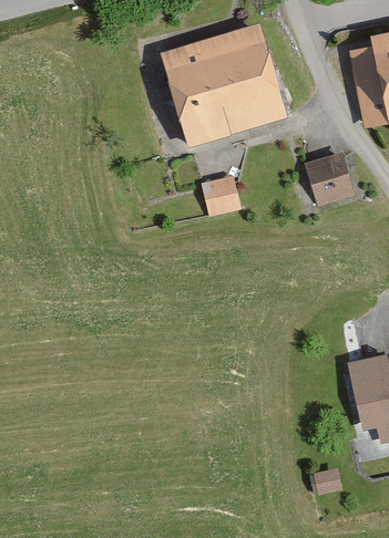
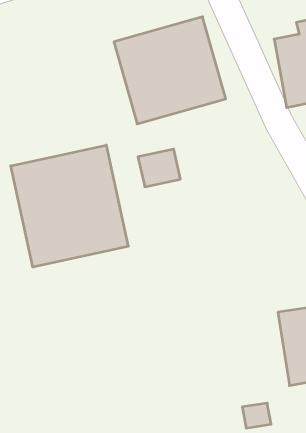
building: [303,152,355,207] -> none
building: none -> [11,145,128,267]

